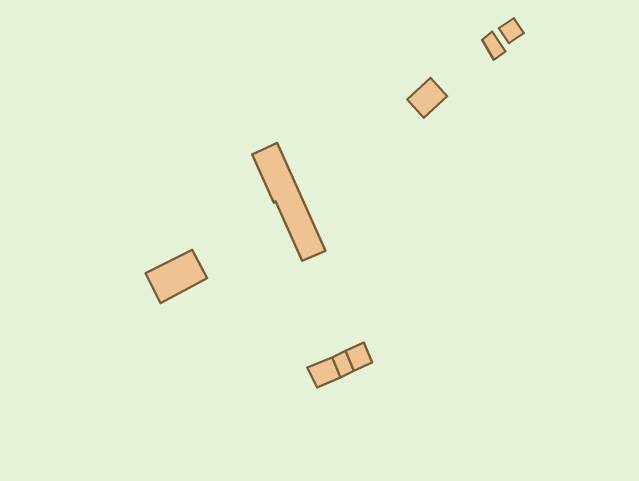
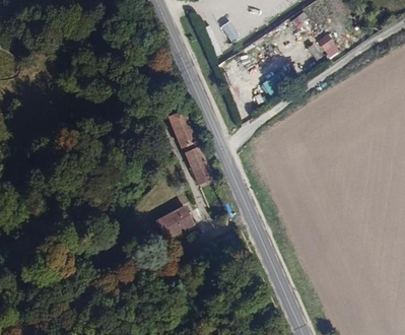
building: [145,250,207,303] -> [155,206,193,239]

